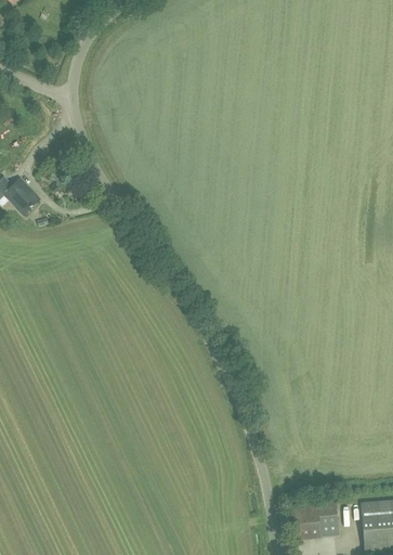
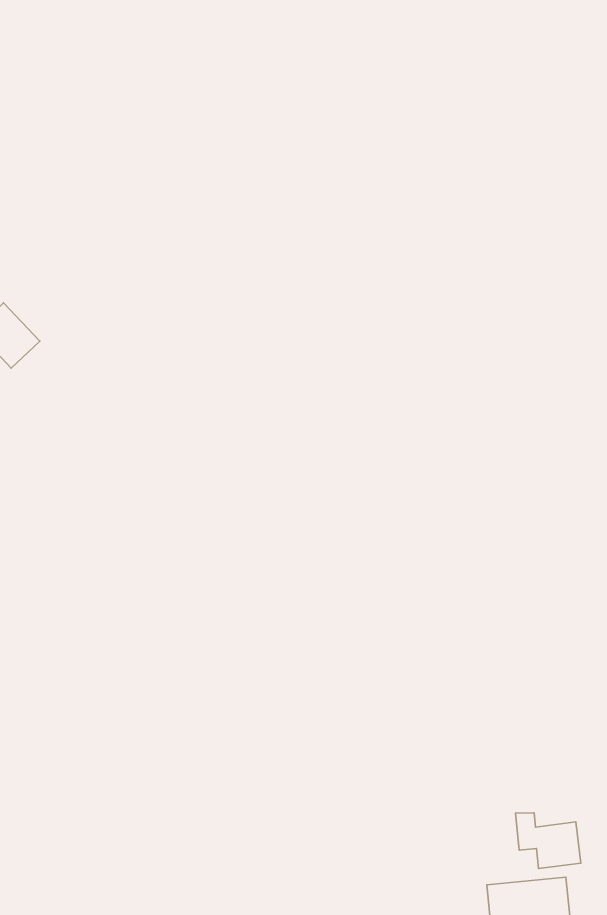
building: none -> [516,813,581,869]

